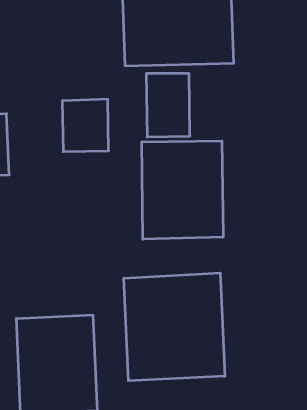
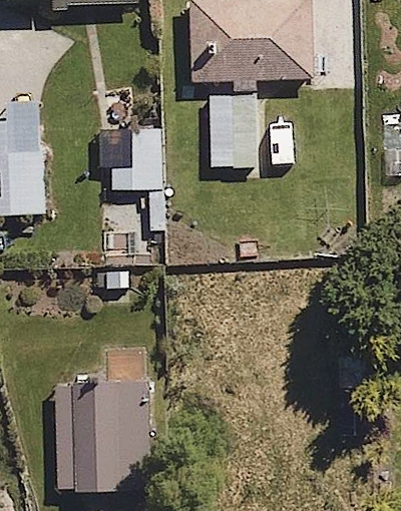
building: [142,141,223,239] -> none
building: [124,273,225,381] -> none

